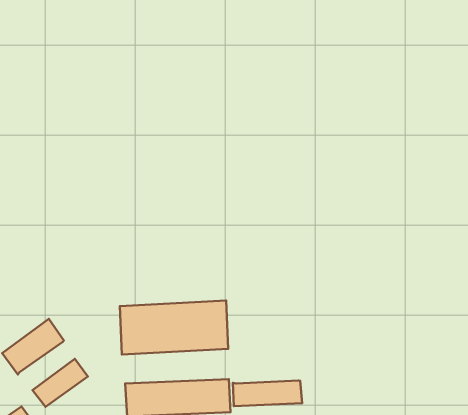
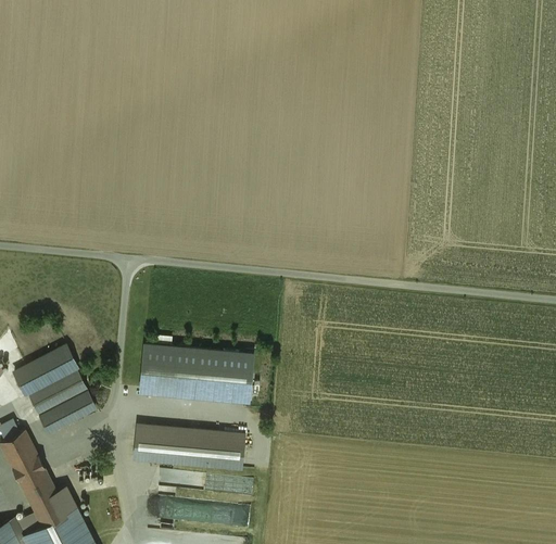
building: none -> [27,370,87,416]
building: [233,380,302,406] -> none

